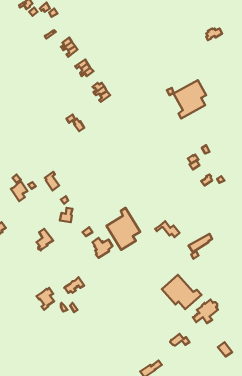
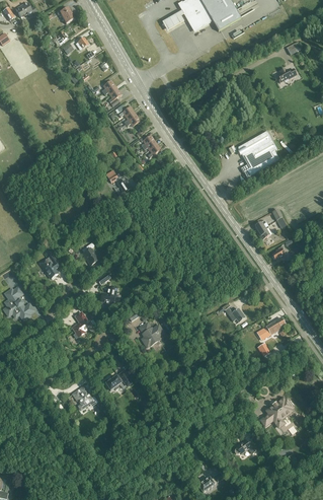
building: [106,208,140,250] -> none
building: [162,275,202,309] -> none

